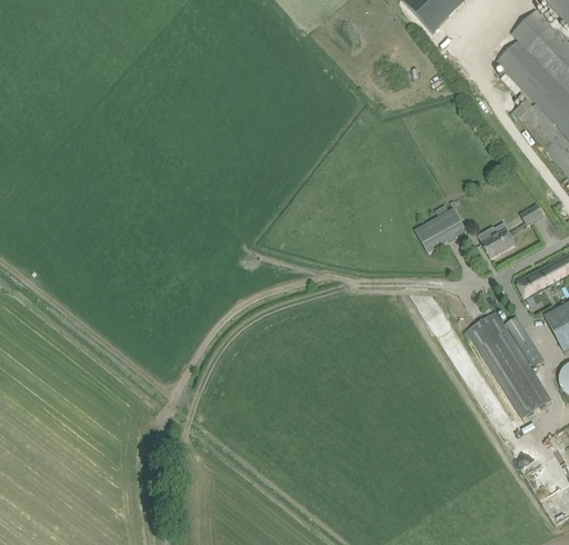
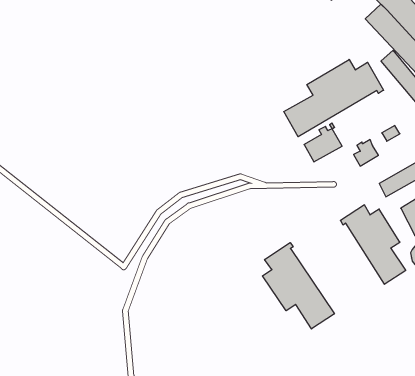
building: none -> [284,59,384,137]
building: none -> [262,243,334,329]

